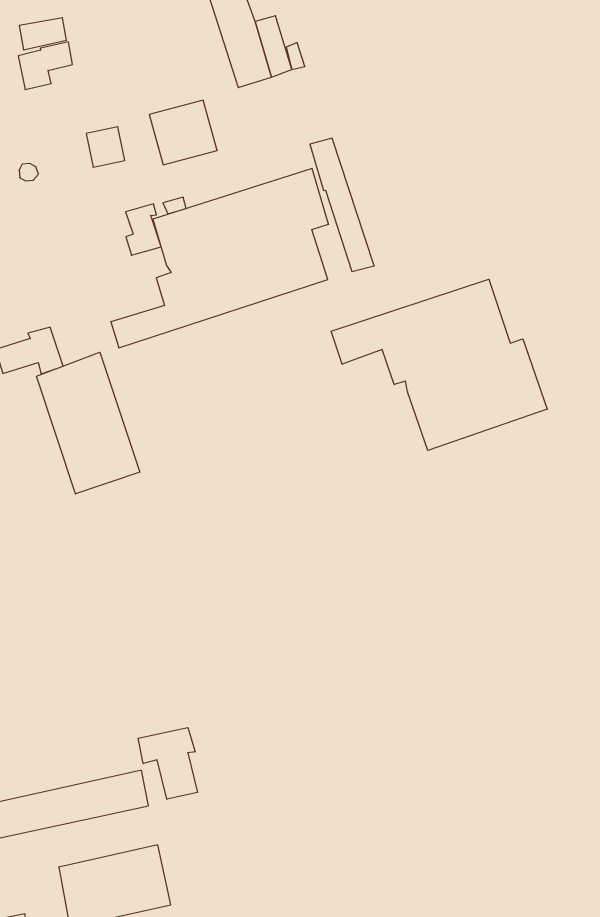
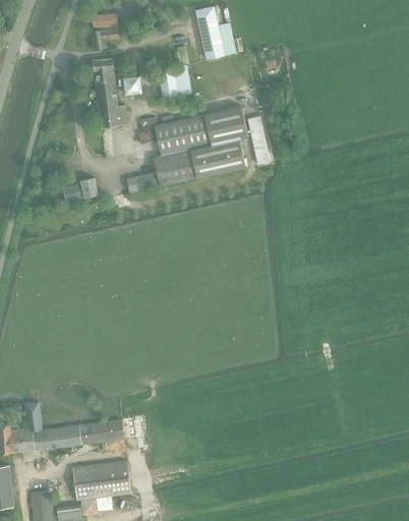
building: none -> [92,58,126,126]
building: [331,279,547,450] -> none
building: [36,352,140,494] -> none
building: [138,728,197,799] -> none

